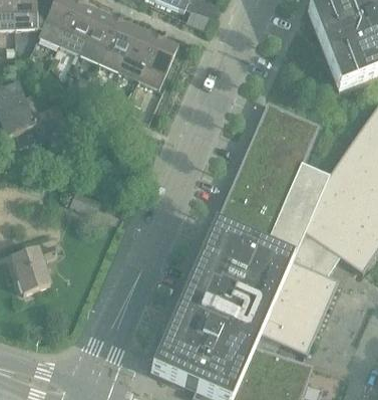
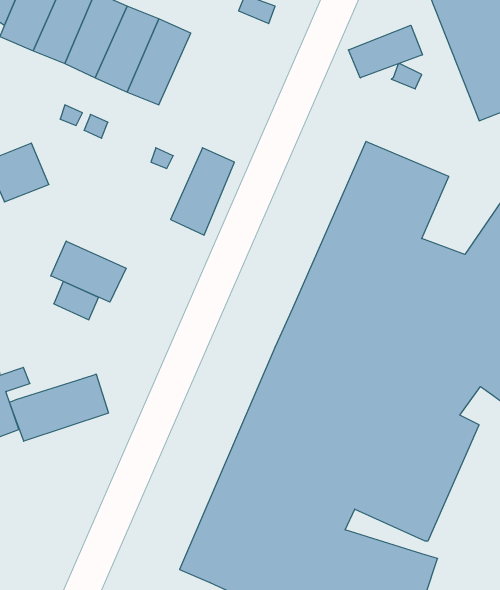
building: none -> [348,25,422,78]
building: [137,34,177,89] -> [171,148,234,235]
building: none -> [51,241,126,302]
building: none -> [10,374,108,441]

